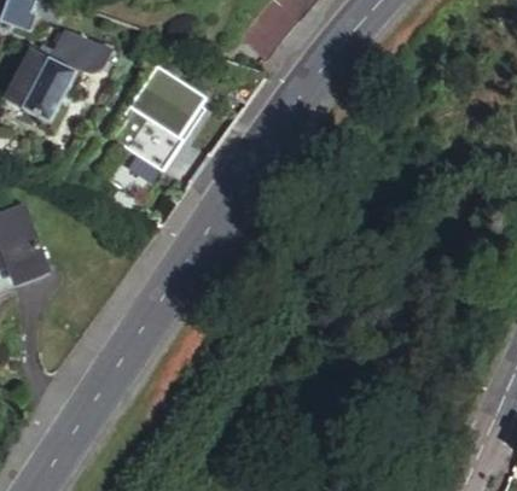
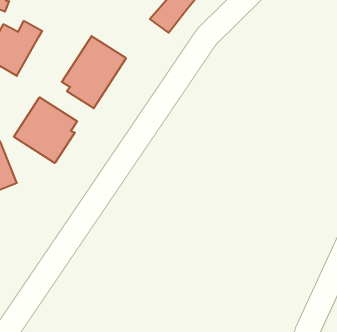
building: [58,29,112,71] -> none
building: none -> [14,97,77,163]

